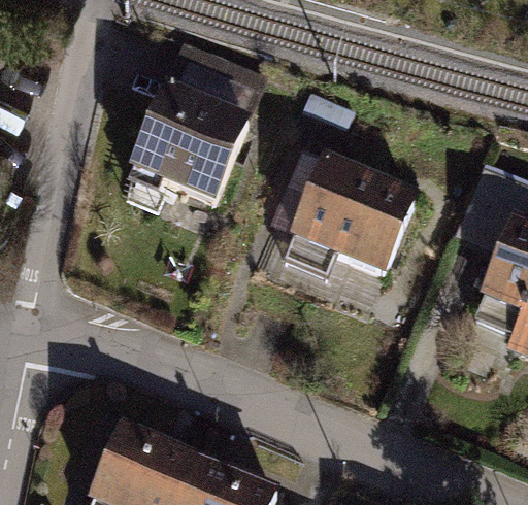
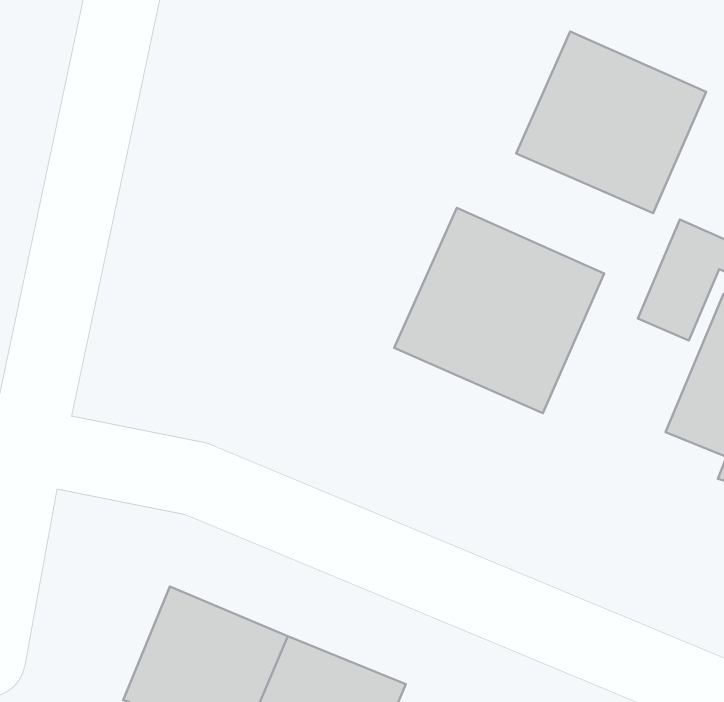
building: none -> [516,32,706,213]
building: [123,37,264,225] -> none

